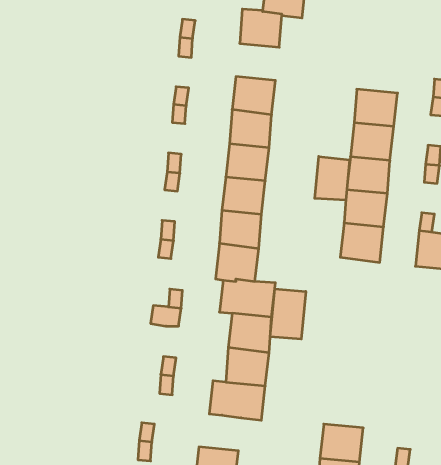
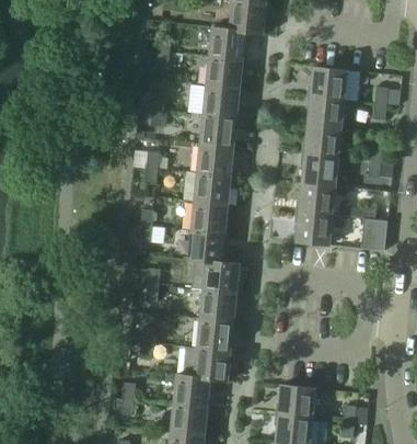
building: none -> [205,57,242,89]
building: none -> [309,67,359,101]
building: [315,156,349,200] -> none
building: [270,289,306,339] -> none
building: none -> [173,375,209,408]

